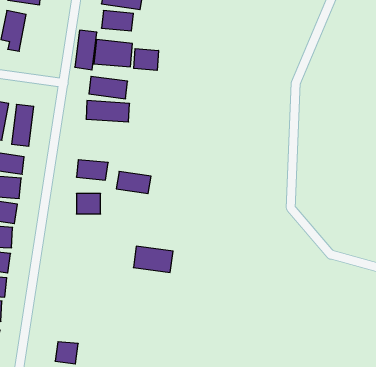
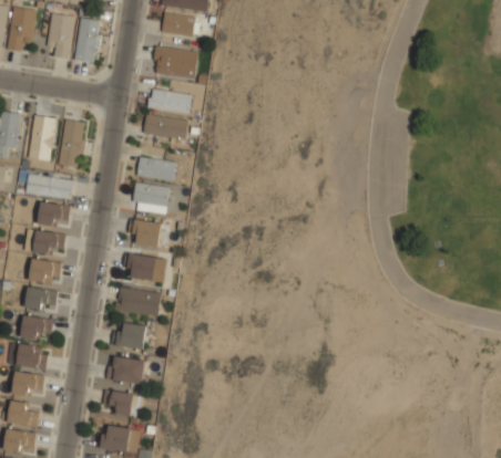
building: [75,30,97,70] -> [74,18,100,63]
building: [134,49,158,70] -> none
building: [116,171,151,194] -> [136,156,176,181]
building: none -> [125,253,159,282]
building: [133,246,173,272] -> [115,288,161,318]
building: none -> [115,322,147,350]
building: none -> [109,355,145,384]

